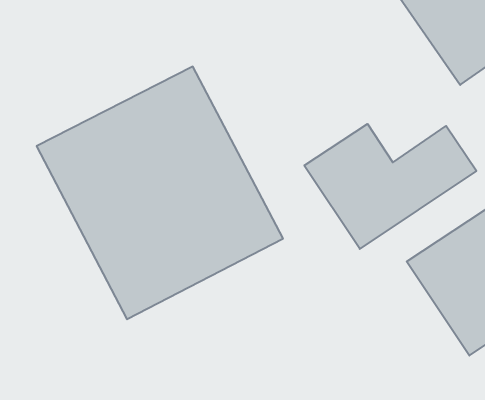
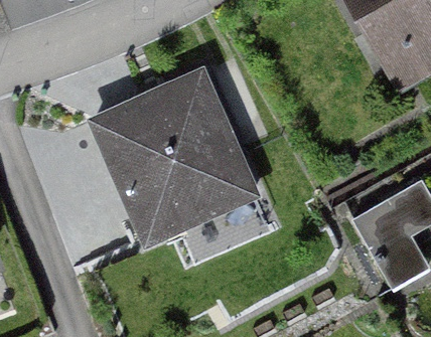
building: [304,124,476,249] -> none

